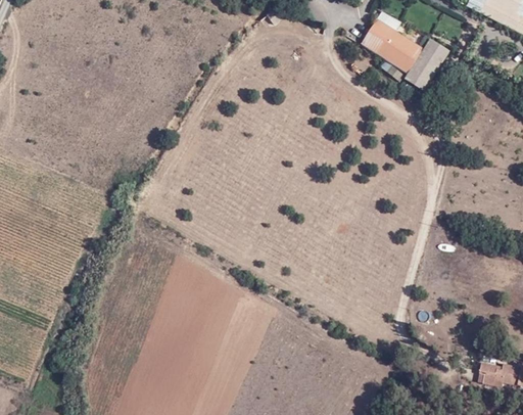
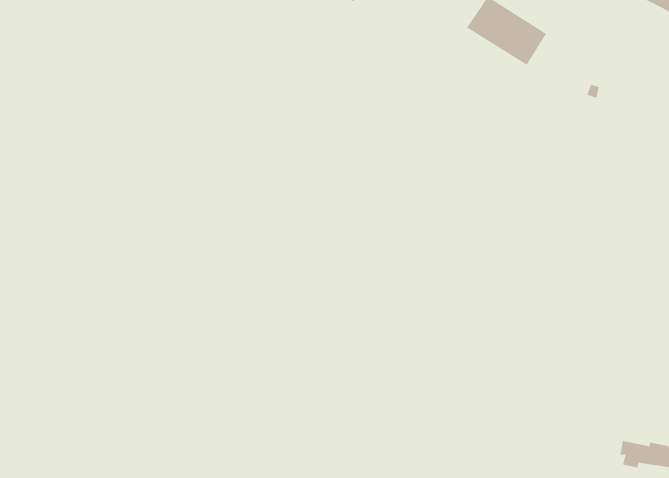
building: [408,32,453,85] -> none

